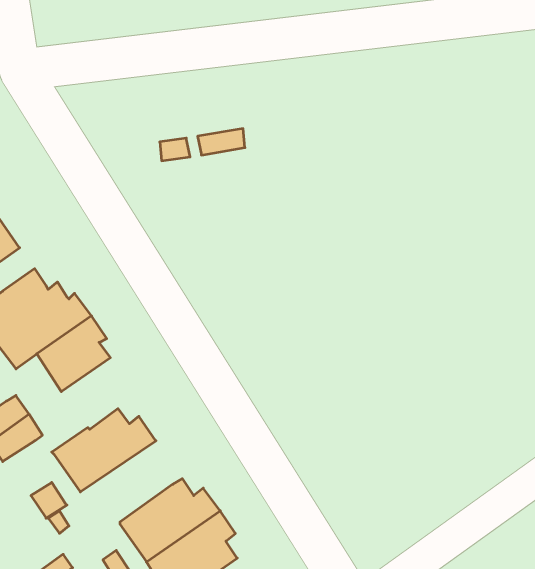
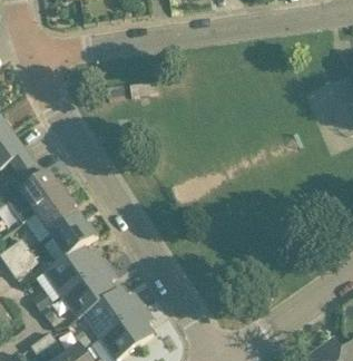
building: none -> [49,214,97,256]
building: none -> [60,263,115,316]

